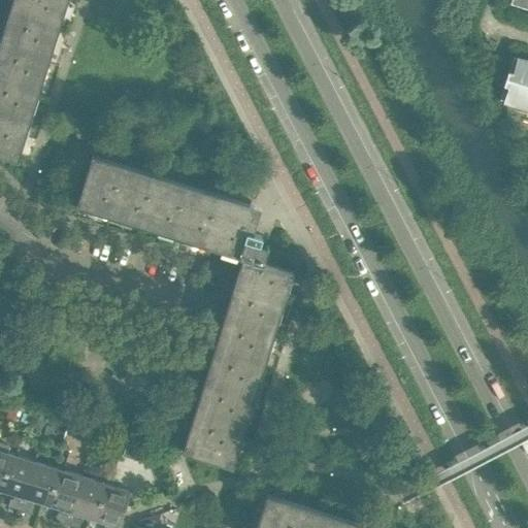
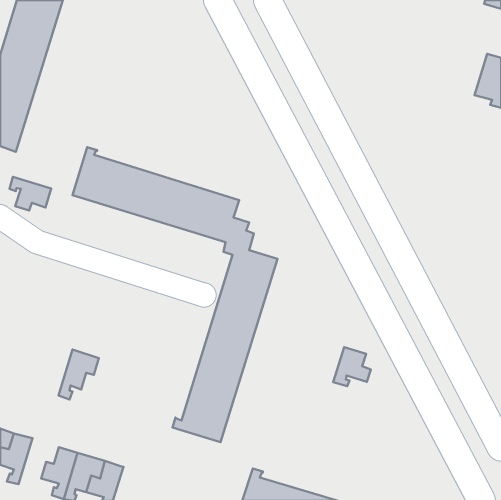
building: none -> [9,177,51,211]
building: none -> [333,347,371,386]
building: [20,462,62,515] -> [59,349,99,399]

